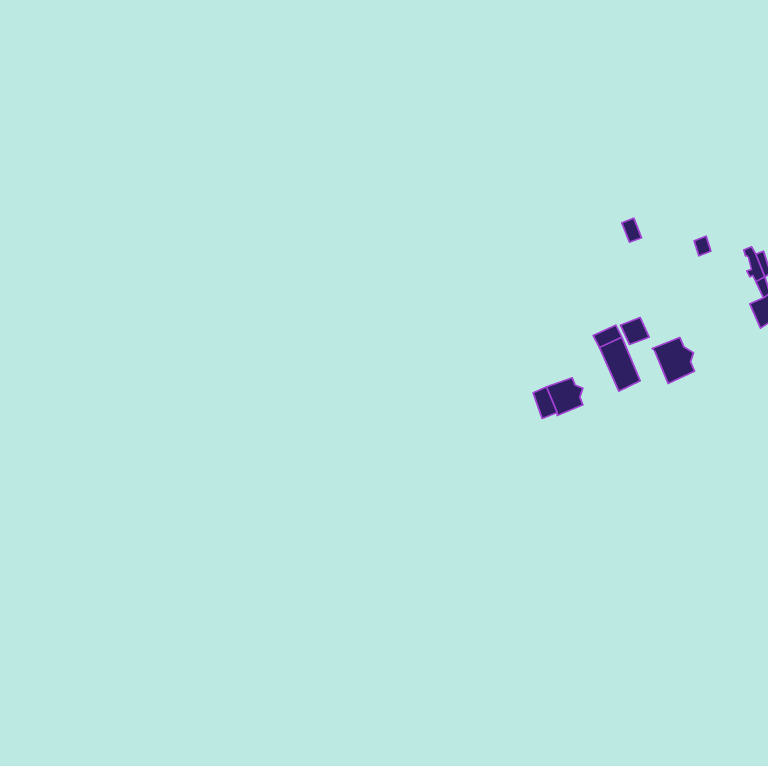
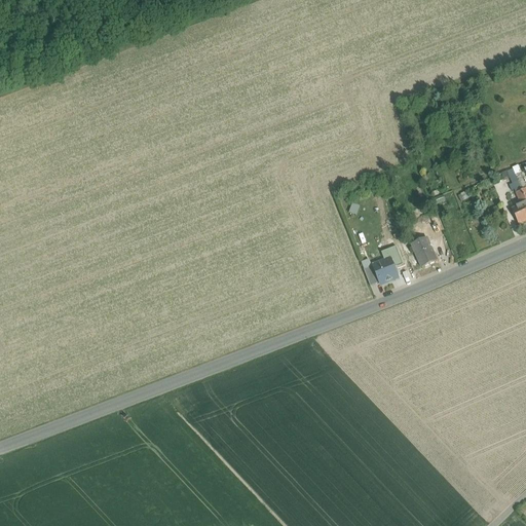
building: [652,337,694,384] -> none

